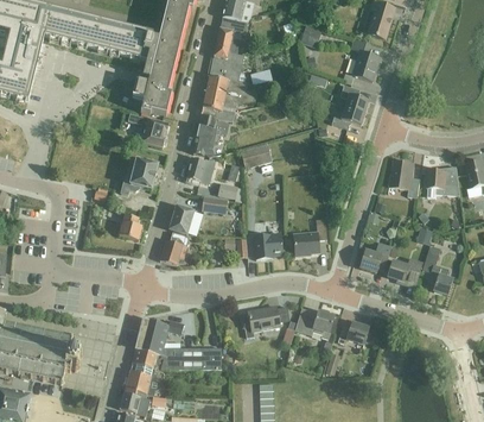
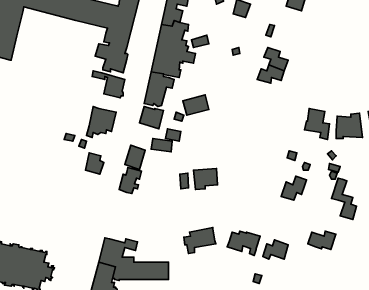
building: [351,38,380,81] -> none
building: [293,219,326,256] -> none
building: [388,260,422,283] -> [308,231,336,250]

